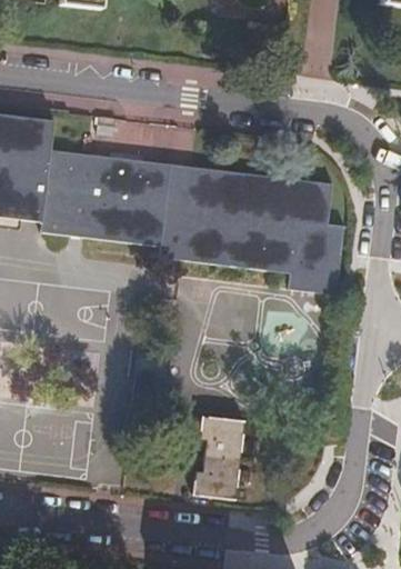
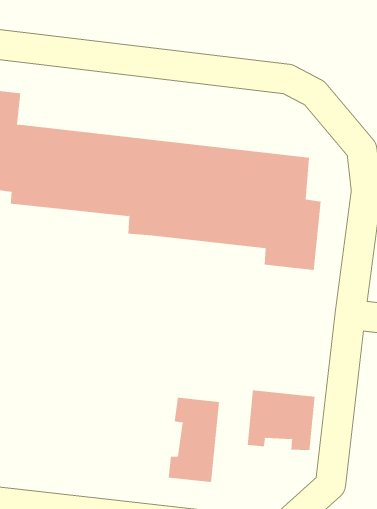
building: none -> [247,390,315,451]

